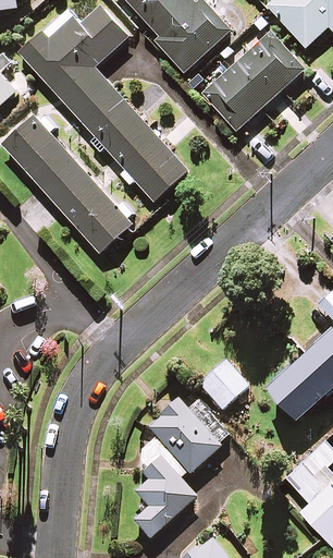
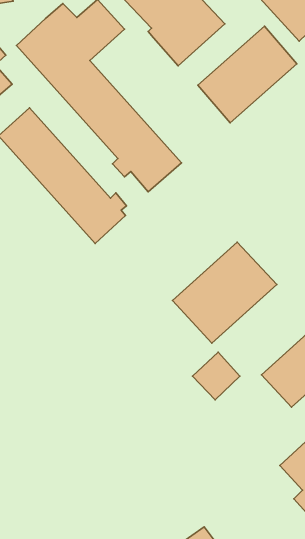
building: none -> [172,242,277,343]
building: [131,398,225,539] -> none

